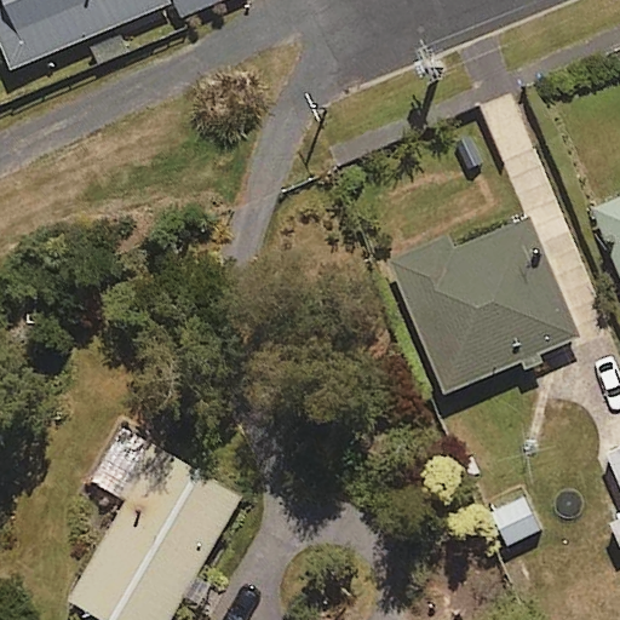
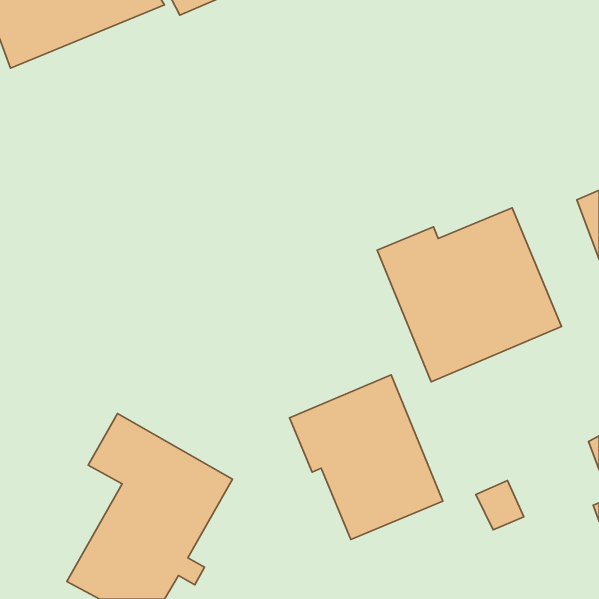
building: none -> [290,375,443,539]

